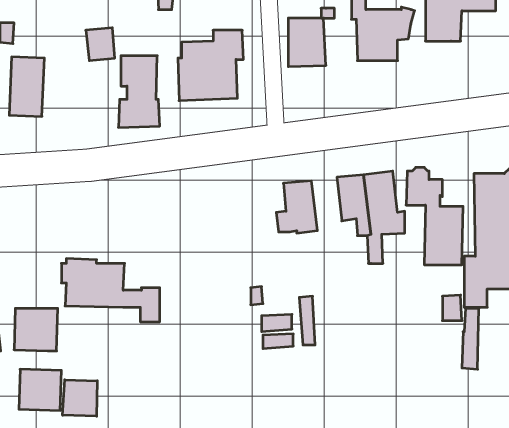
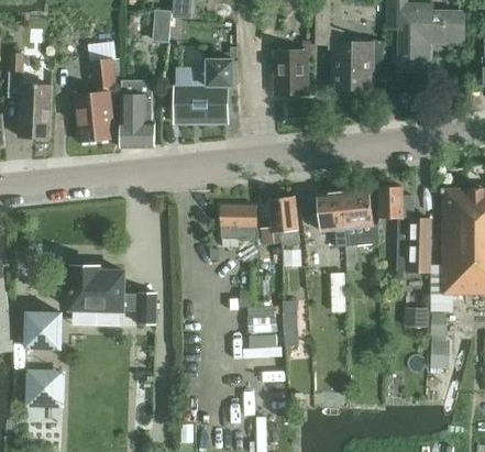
building: none -> [73,90,114,142]
building: none -> [219,207,257,239]
building: [63,380,97,416] -> none

